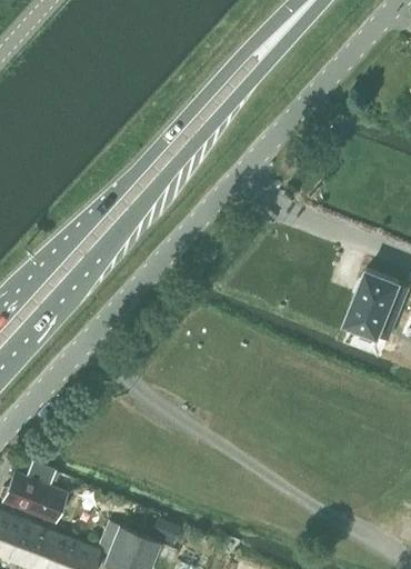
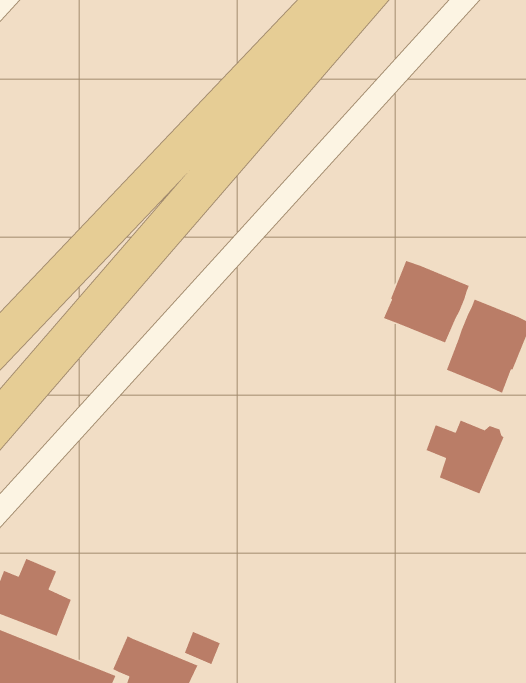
building: none -> [383,260,470,343]
building: none -> [425,419,505,495]

